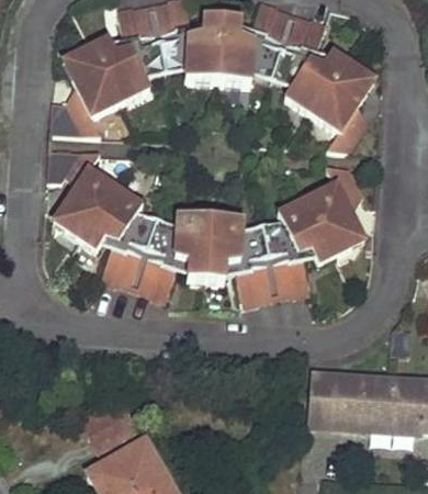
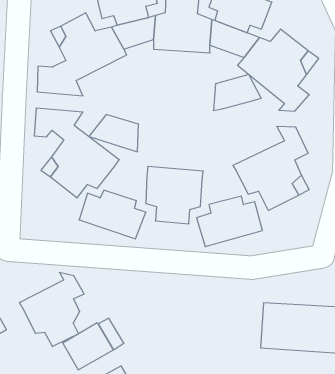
building: [121,214,178,257] -> [89,115,139,152]
building: [239,218,294,260] -> [213,74,261,111]
building: none -> [19,272,84,347]

